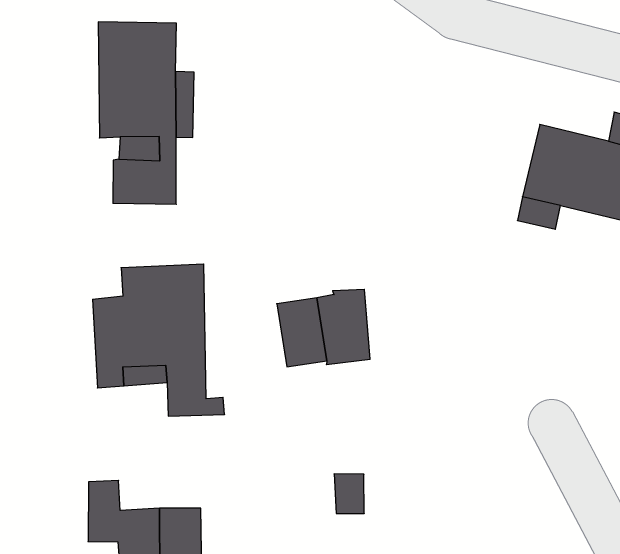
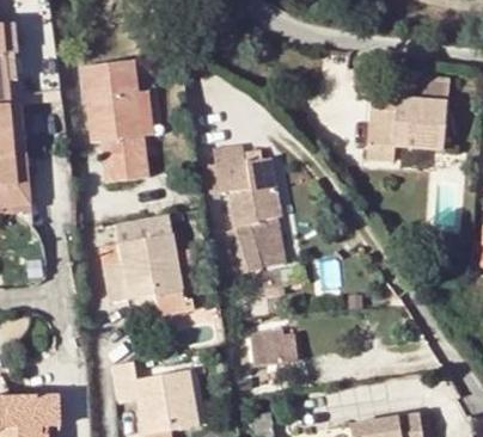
building: none -> [215,146,279,220]

